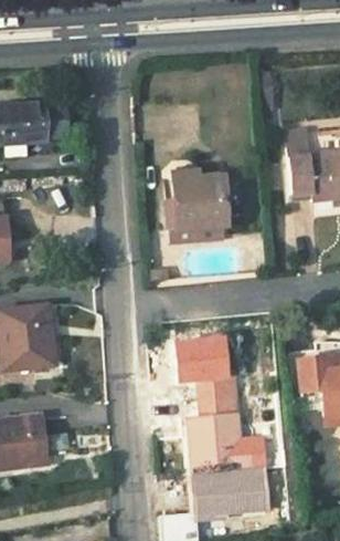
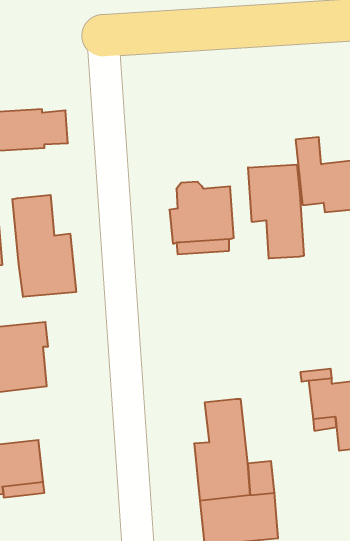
building: none -> [248,165,304,259]
building: none -> [12,195,76,297]
building: [179,337,229,383] -> none

